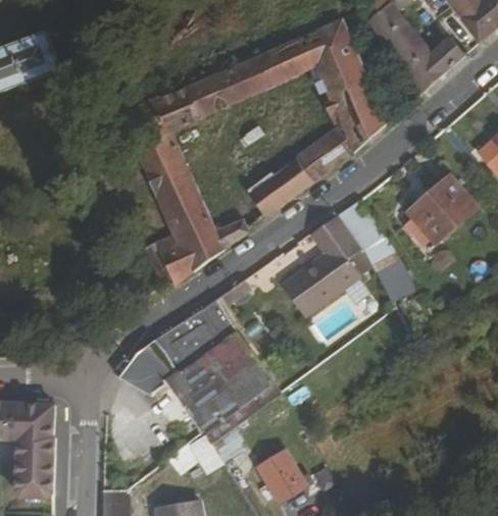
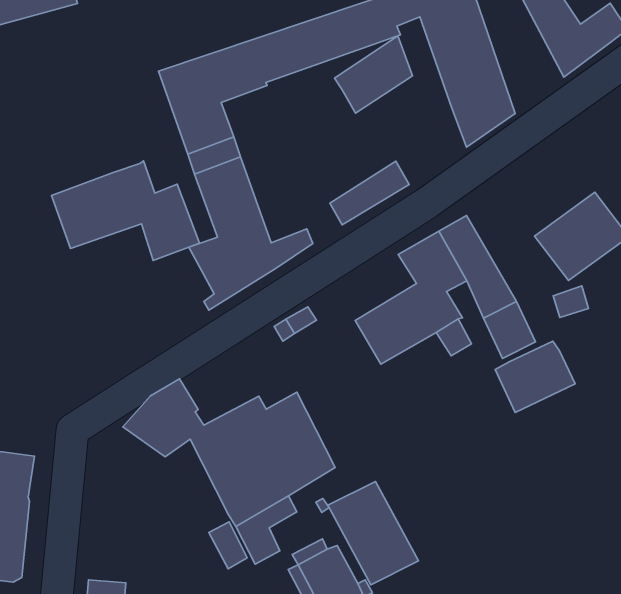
building: [295,122,352,182] -> [335,36,413,113]
building: none -> [51,161,199,261]
building: none -> [495,341,575,412]
building: [155,298,242,370] -> none
building: none -> [328,481,418,585]

